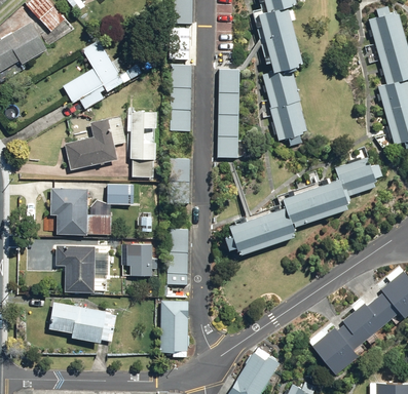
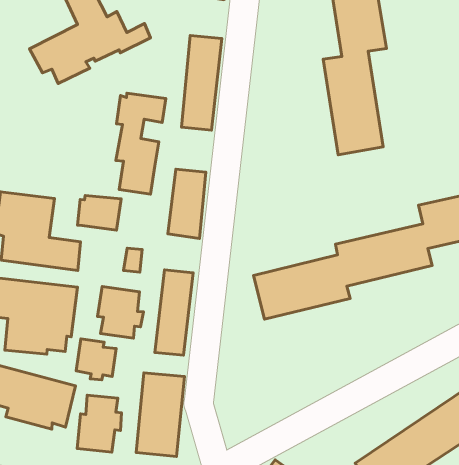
building: [216,70,239,158] -> none
building: [63,116,125,170] -> none
building: none -> [76,339,116,380]
building: none -> [77,395,121,452]

